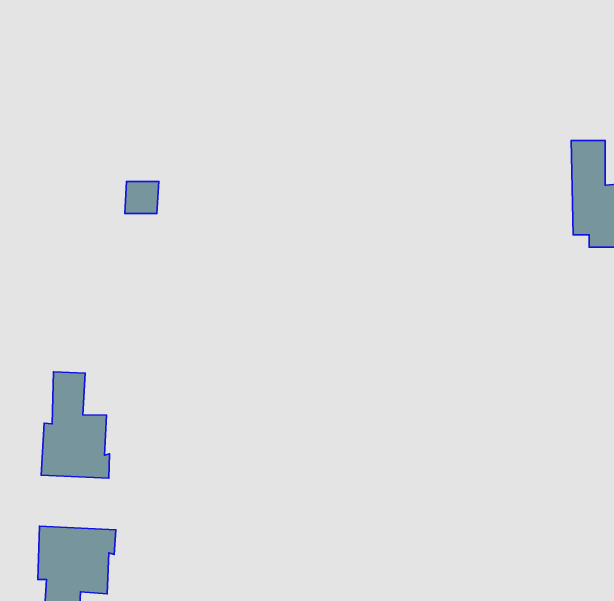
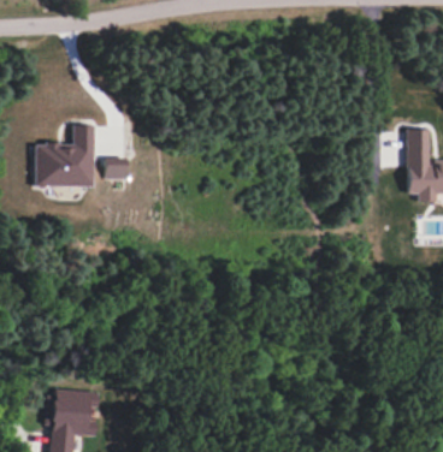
building: none -> [35,124,95,186]
building: [41,372,109,478] -> none

